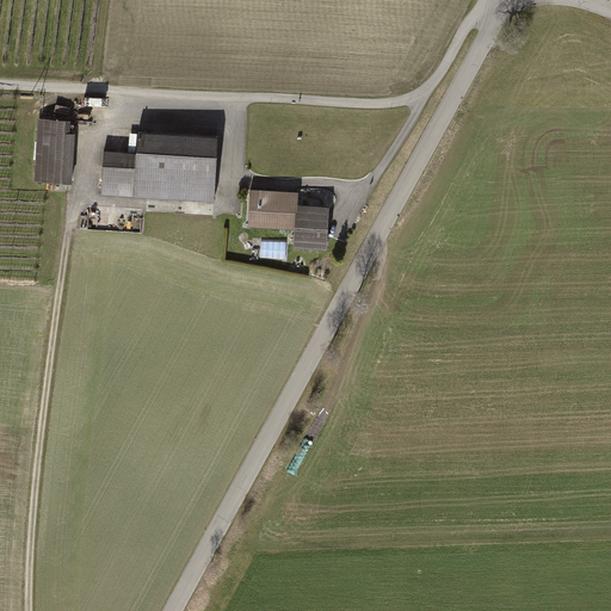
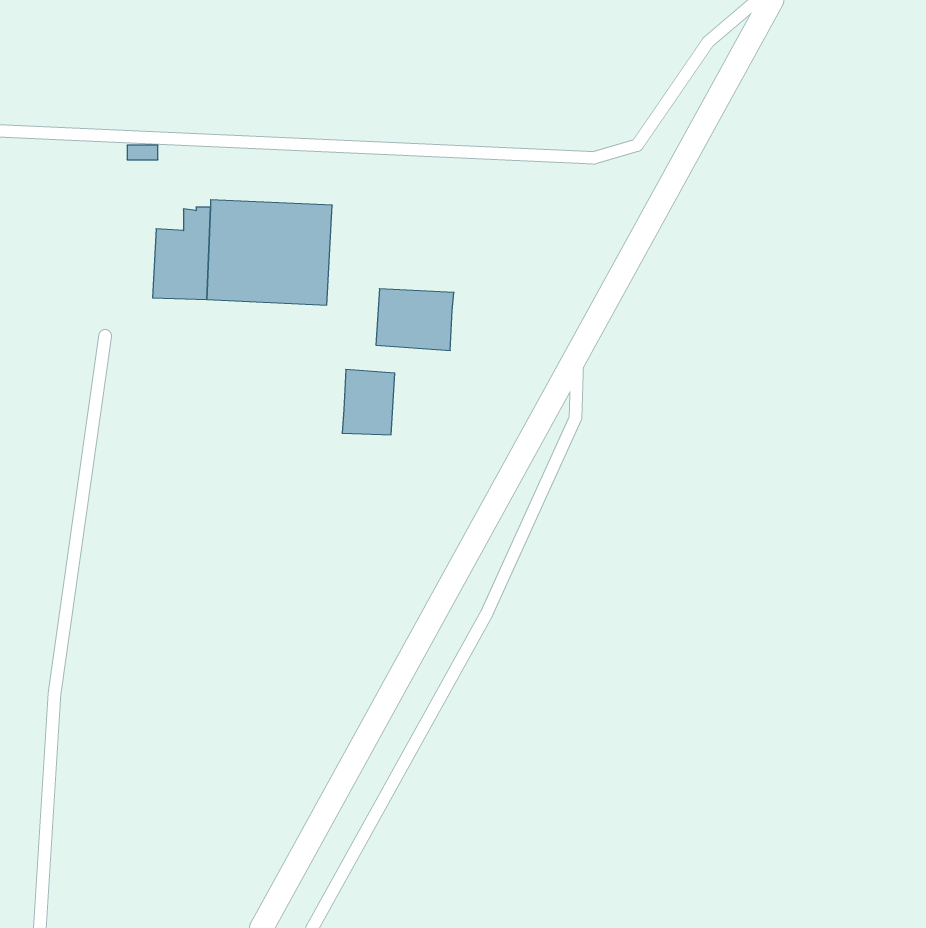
building: [31,119,75,185] -> none
building: [295,204,329,247] -> [342,369,395,435]

